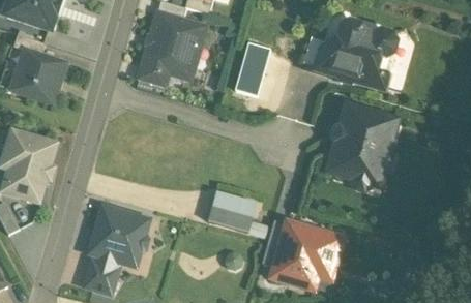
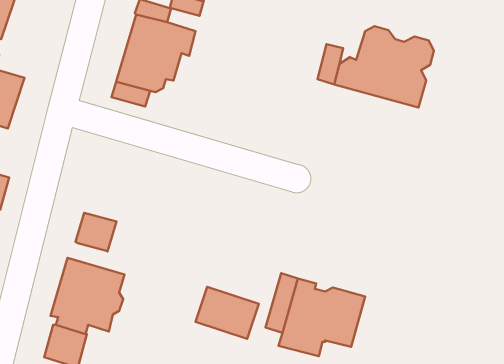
building: [235,41,270,95] -> none
building: [330,104,395,188] -> none
building: none -> [76,213,117,251]
building: [205,189,256,231] -> [195,287,259,339]

